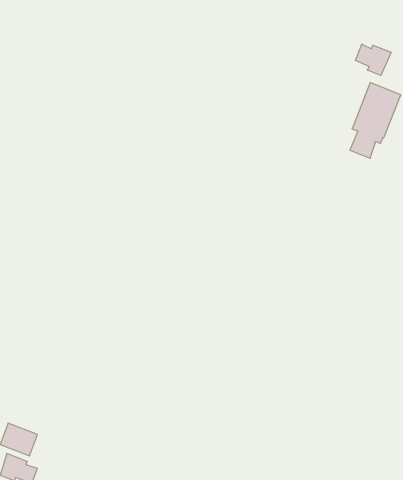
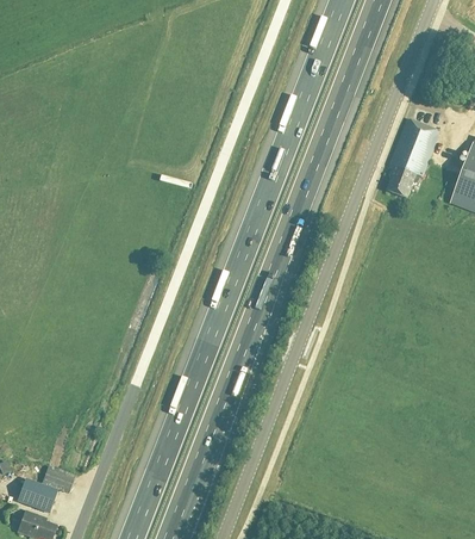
building: [355,44,391,75] -> none
building: none -> [42,466,75,494]

